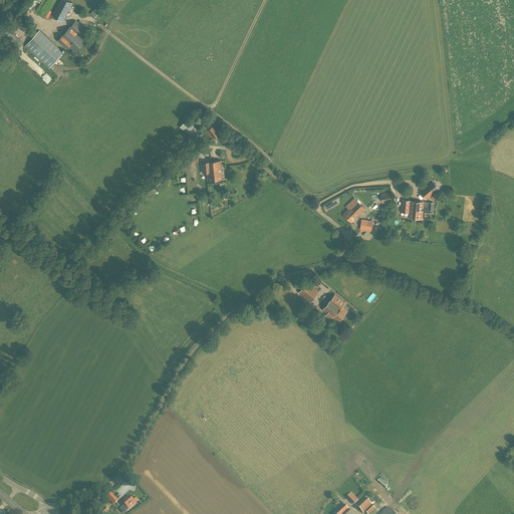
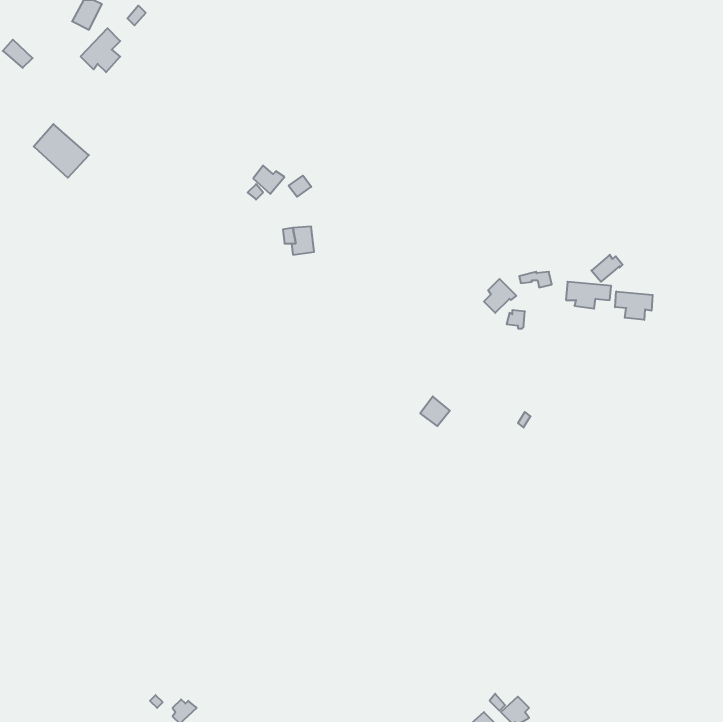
building: [25,31,64,69] -> [34,124,89,178]
building: none -> [615,291,653,320]
building: [322,295,347,323] -> none

